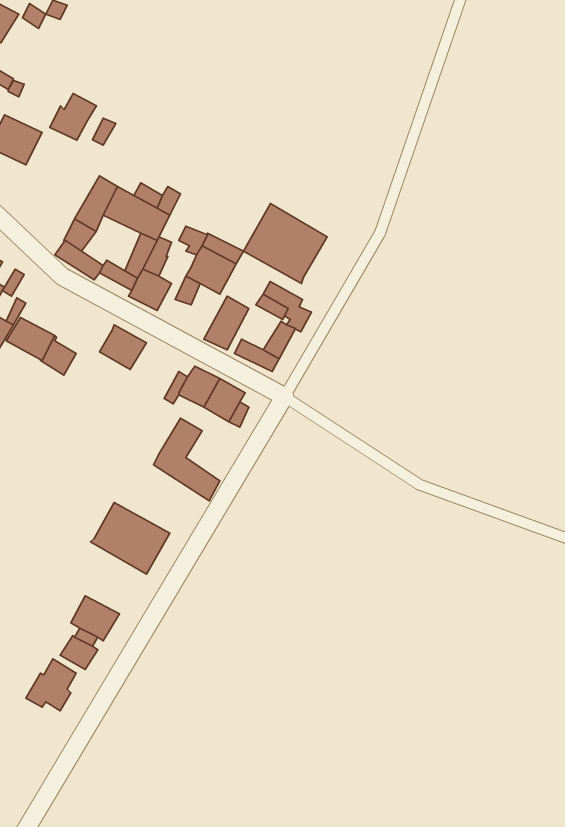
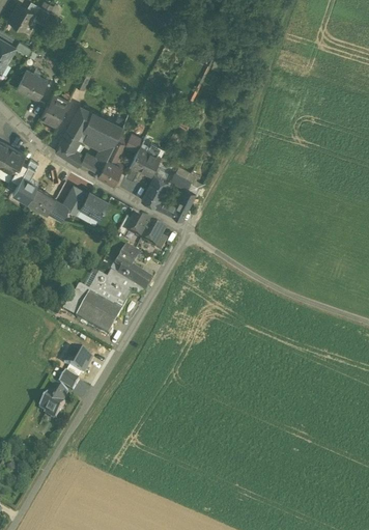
building: [50,93,97,140] -> [39,97,66,124]
building: [243,203,327,283] -> none
building: none -> [61,187,87,215]
building: none -> [85,273,143,312]

